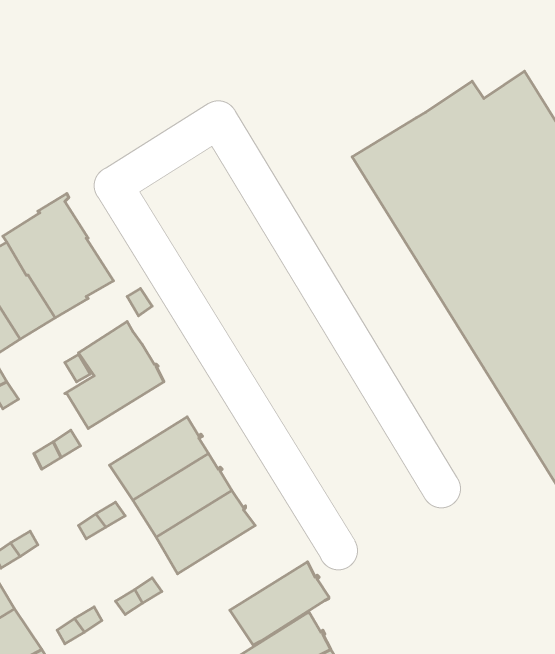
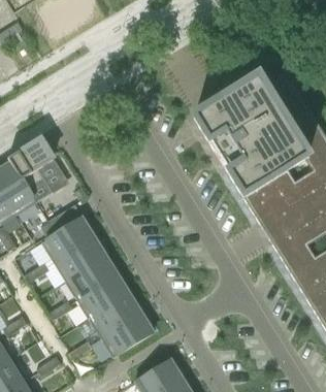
building: none -> [53,235,105,280]
building: [230,562,329,645] -> [100,312,153,356]

